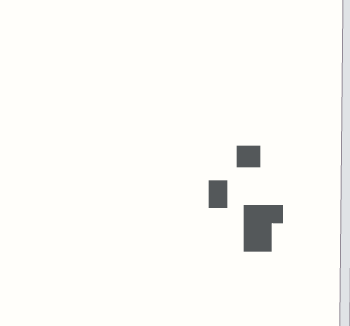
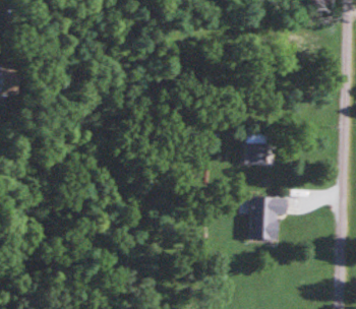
building: [208,180,228,209] -> none

